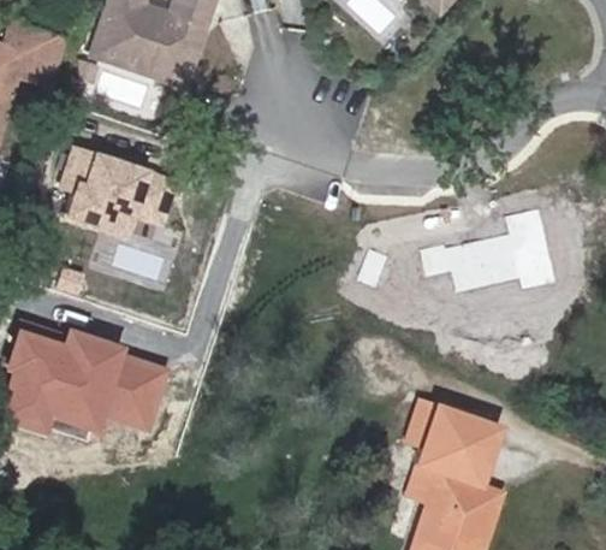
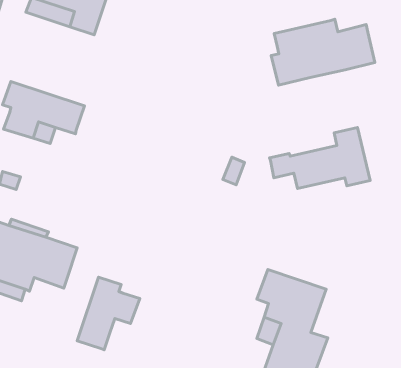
building: none -> [271,19,375,85]
building: none -> [77,277,140,350]

